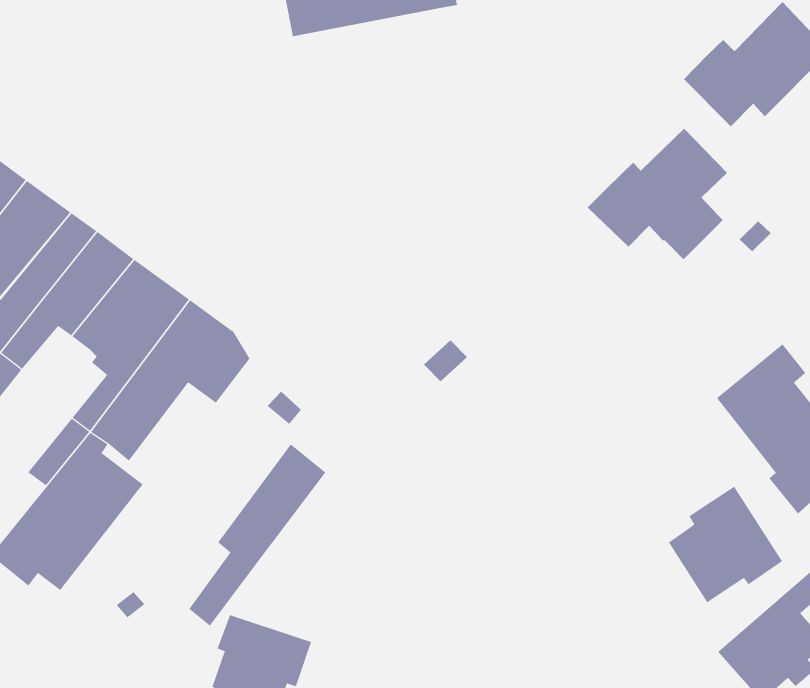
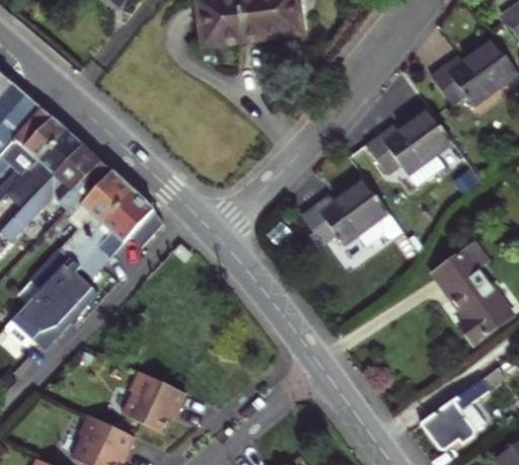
building: none -> [297,181,399,248]
building: [188,443,326,626] -> none
building: [668,486,783,603] -> none

